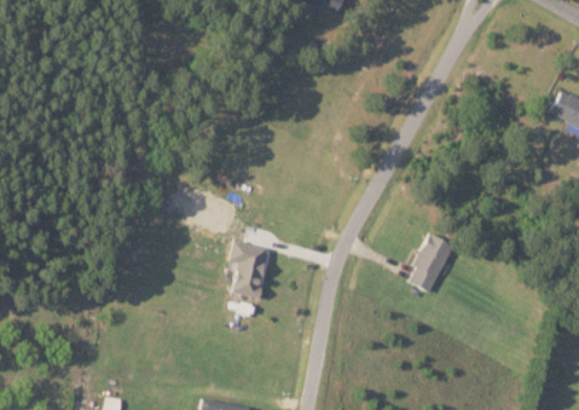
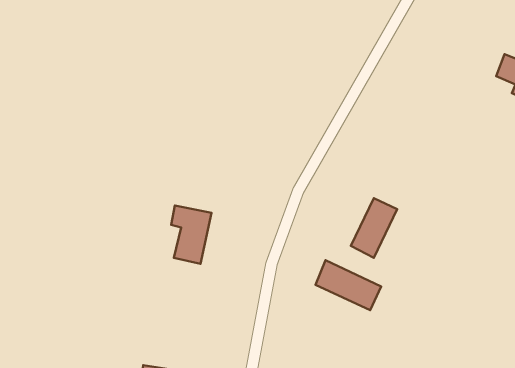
building: none -> [315,260,381,310]

